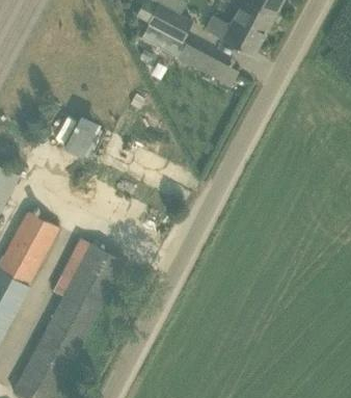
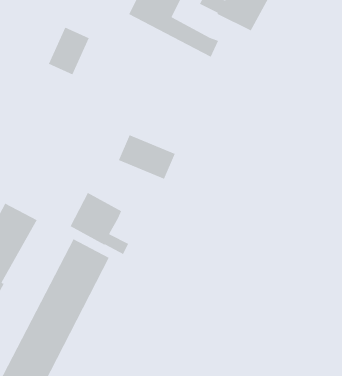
building: [66,113,105,158] -> [48,26,90,76]
building: none -> [70,192,129,255]

